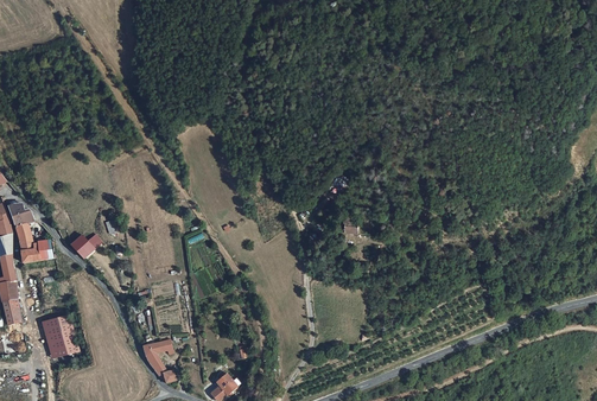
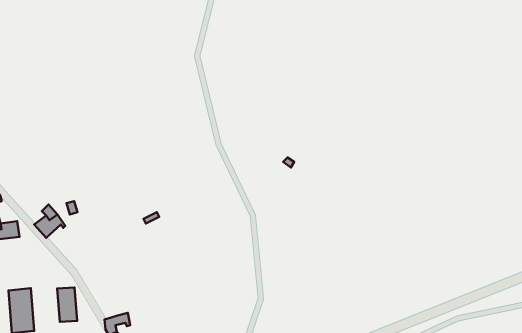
building: none -> [57,288,77,322]

